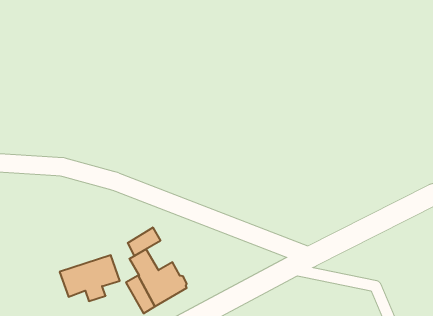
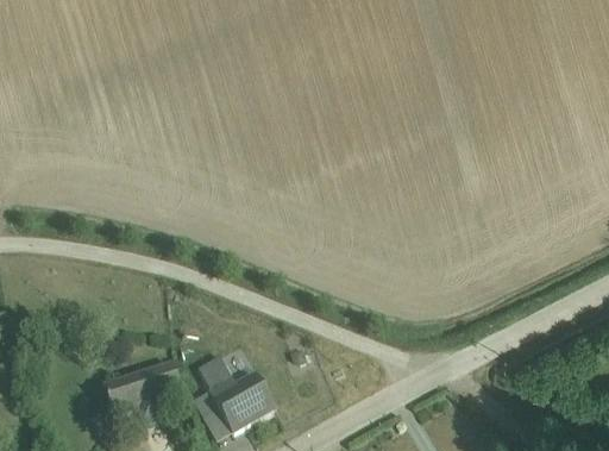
building: [128,227,160,256] -> none

